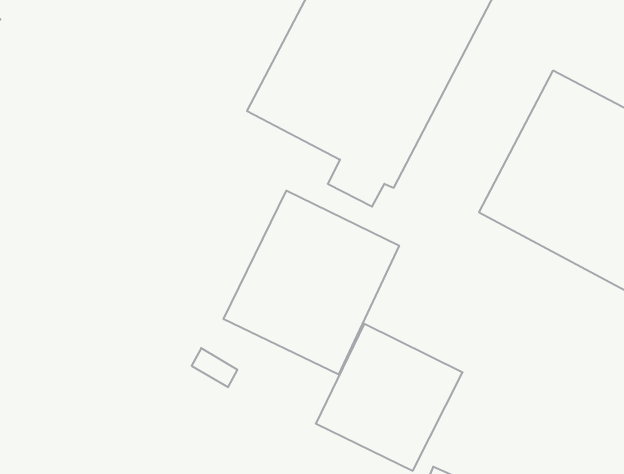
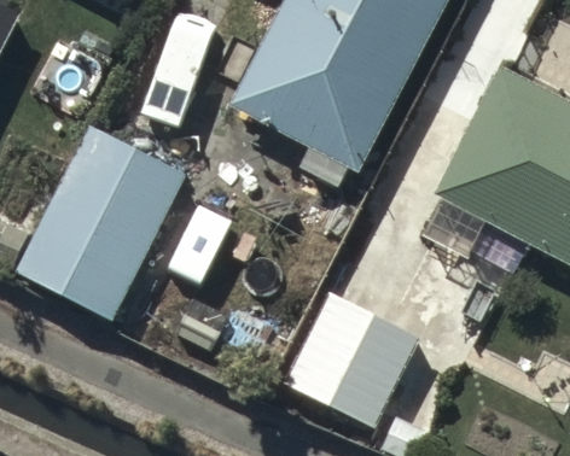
building: none -> [16,130,181,320]
building: [224,191,399,374] -> none

